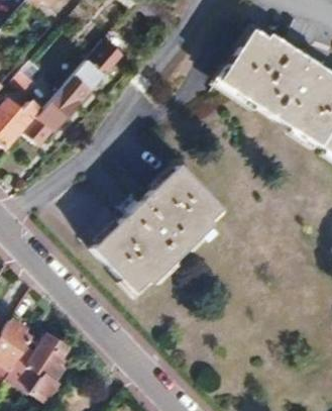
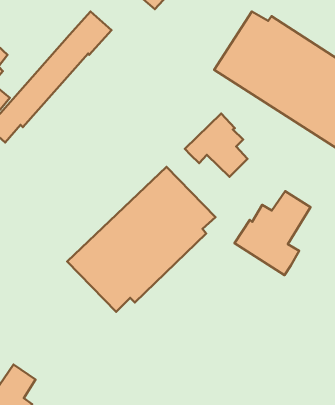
building: none -> [185,113,248,177]
building: none -> [234,191,311,275]

